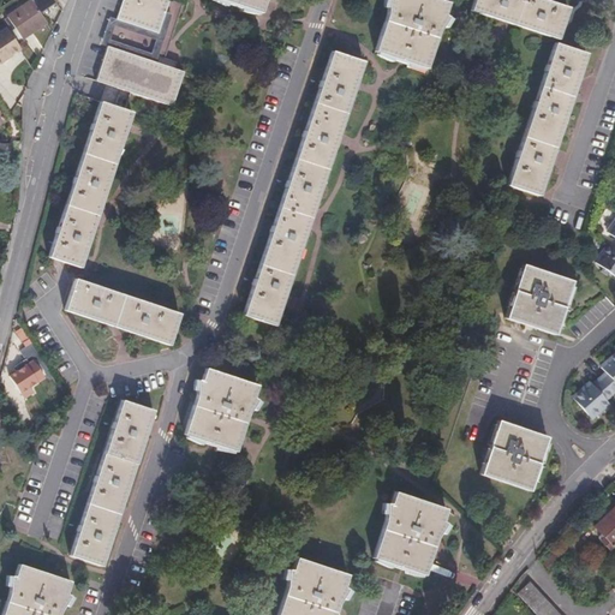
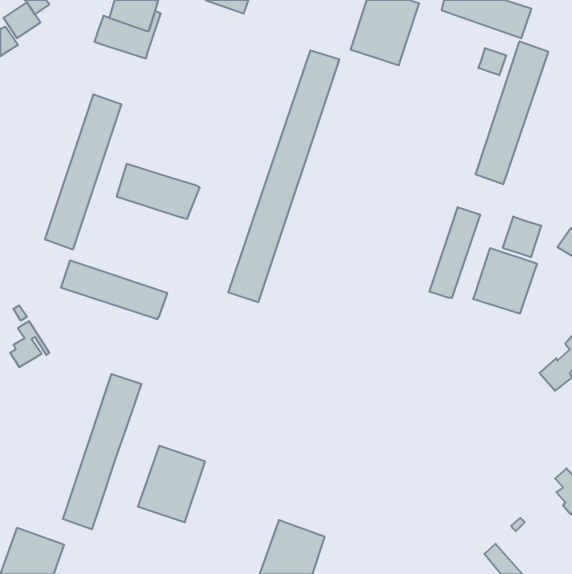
building: [98,47,187,106] -> [117,164,200,219]
building: none -> [478,48,506,75]
building: none -> [430,207,480,298]
building: none -> [503,216,541,257]
building: [185,369,257,450] -> [138,446,205,522]
building: [485,423,553,492] -> none
building: [376,490,450,574] -> none

